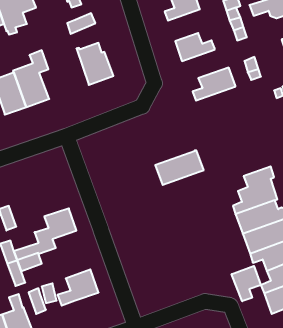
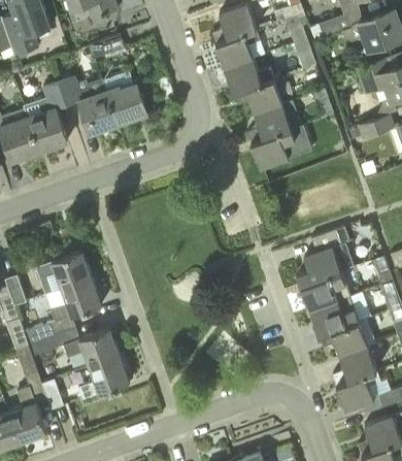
building: none -> [215,30,265,70]
building: none -> [58,76,116,134]
building: none -> [233,76,292,117]
building: [155,150,204,185] -> [250,126,311,169]
building: none -> [34,251,92,290]
building: none -> [62,329,119,367]
building: [232,266,261,301] -> none

